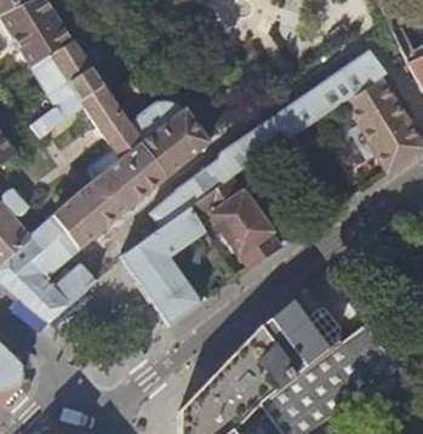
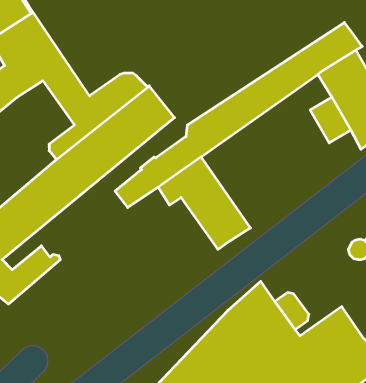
building: [122,209,206,325] -> none

